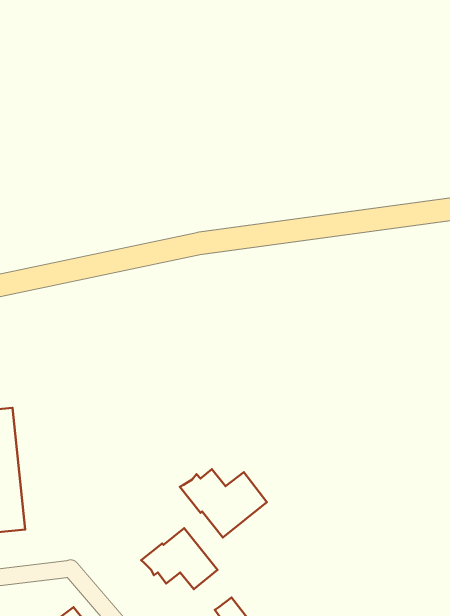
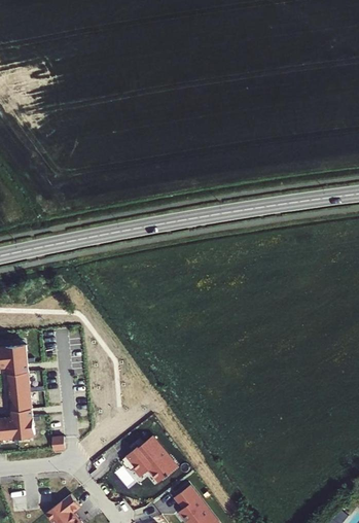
building: [180,469,267,537] -> none

